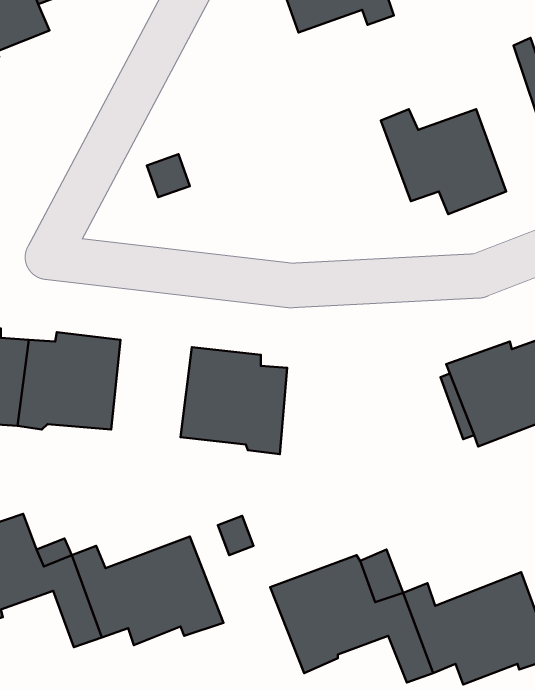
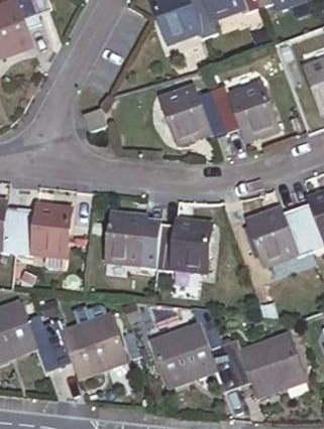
building: none -> [161,87,227,144]
building: none -> [156,219,212,272]

